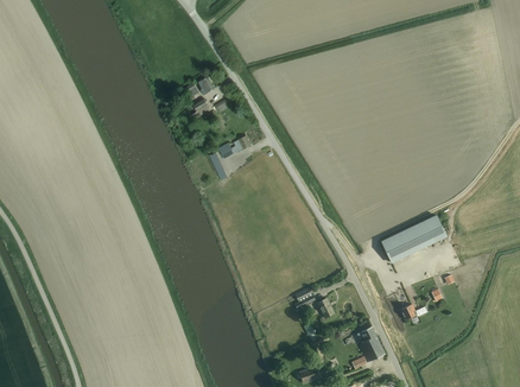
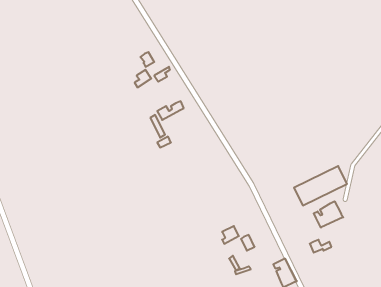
building: none -> [314,201,343,228]

